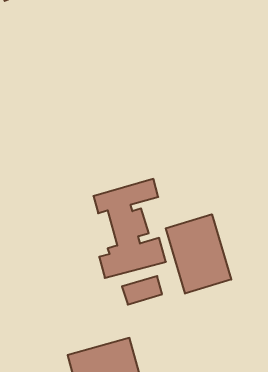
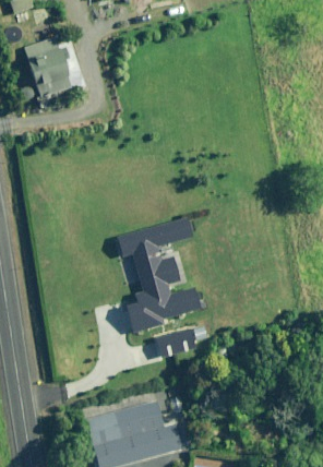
building: none -> [25,36,72,96]
building: [166,214,231,294] -> none

